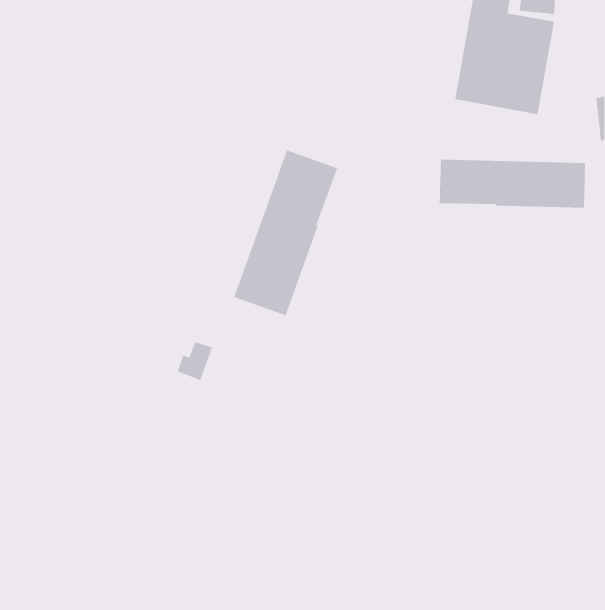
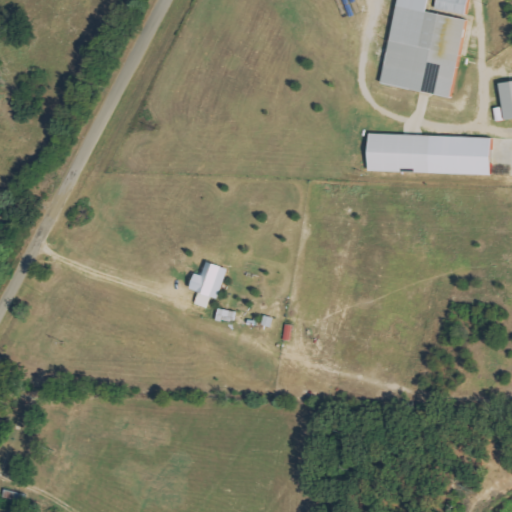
building: [234,150,338,316] -> none
building: [177,342,213,381] -> [190,262,220,295]

